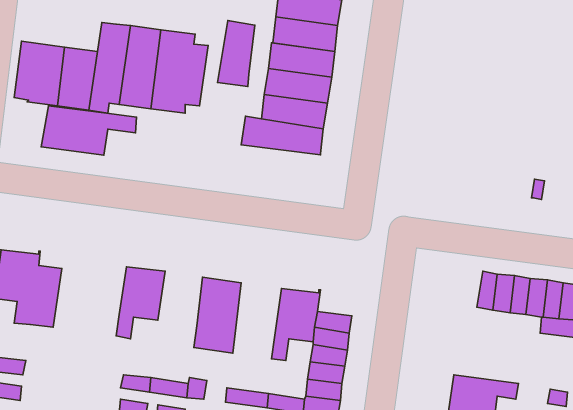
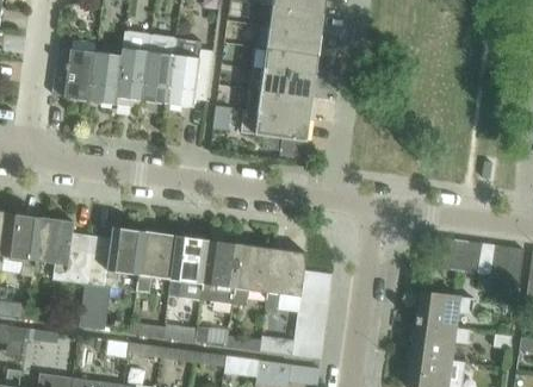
building: [217,21,255,87] -> none
building: [41,106,136,155] -> none
building: none -> [79,226,144,329]
building: none -> [168,237,207,300]
building: none -> [233,246,273,306]
building: none -> [414,291,475,330]

